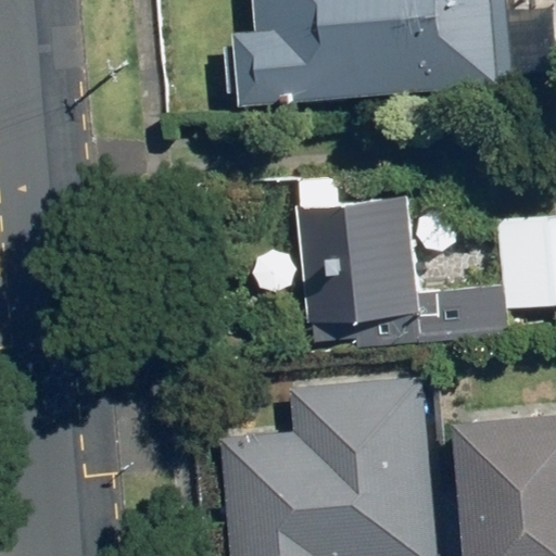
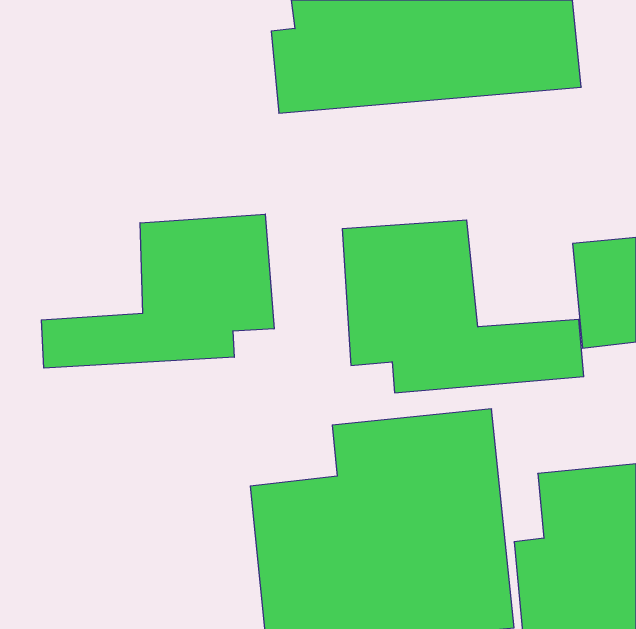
building: none -> [41,214,274,368]

